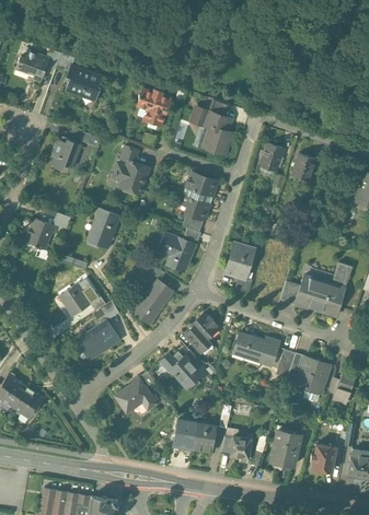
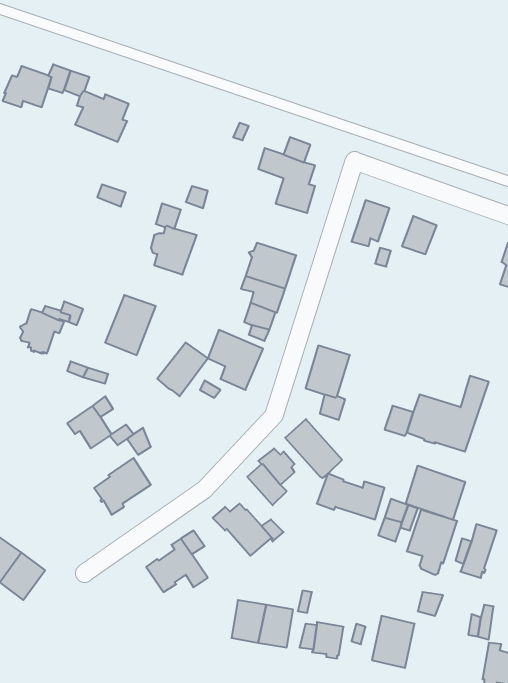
building: [137,89,171,125] -> none
building: [47,139,81,167] -> none
building: [138,280,173,317] -> [157,342,208,396]
building: none -> [285,419,342,478]
building: none -> [406,466,465,520]
building: [310,443,335,471] -> none

